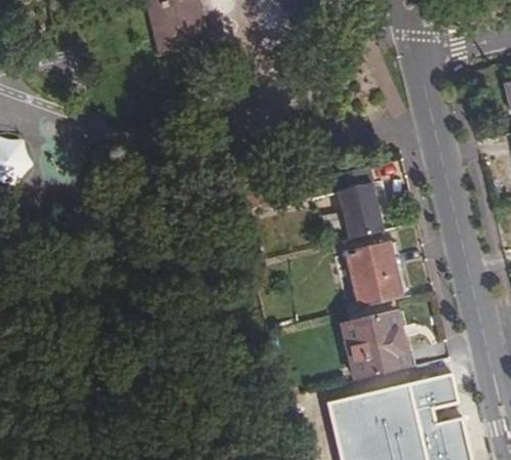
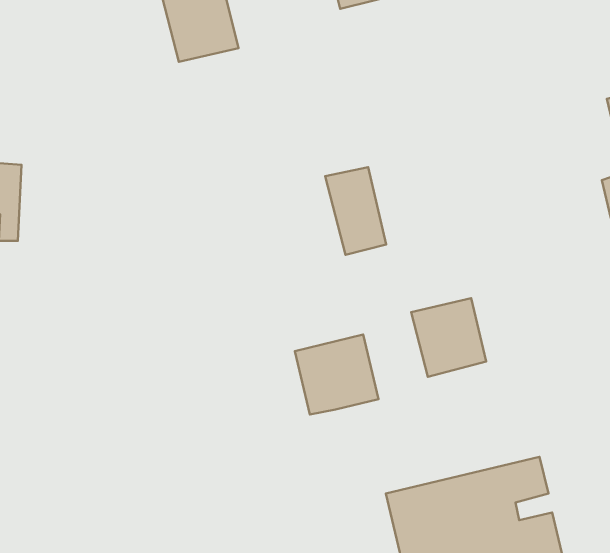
building: [331,168,381,239] -> [325,167,386,255]
building: [346,311,414,376] -> [295,335,379,415]

